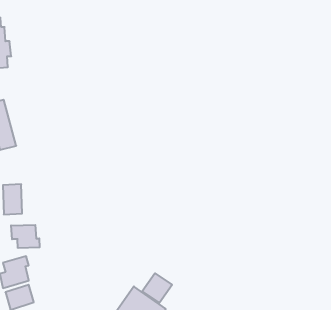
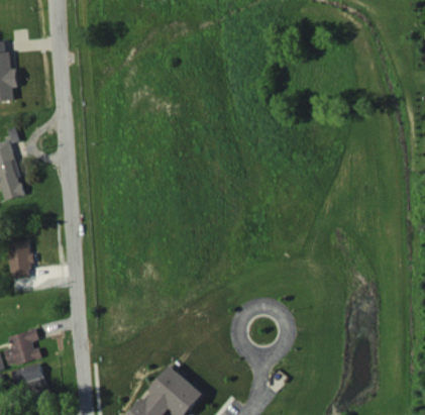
building: [11,225,40,248] -> none
building: [142,273,172,303] -> none

